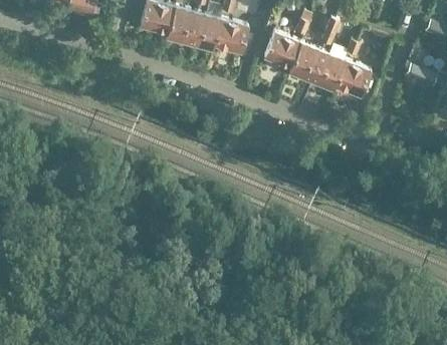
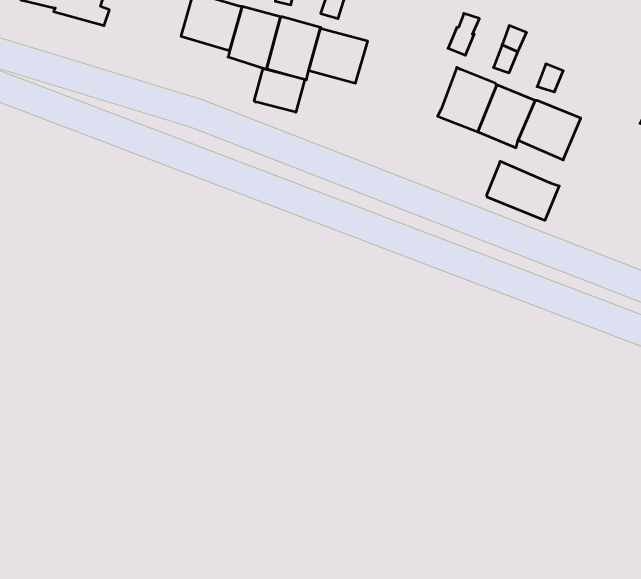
building: [265,33,300,67] -> none
building: none -> [254,68,305,112]
building: none -> [487,161,559,220]

